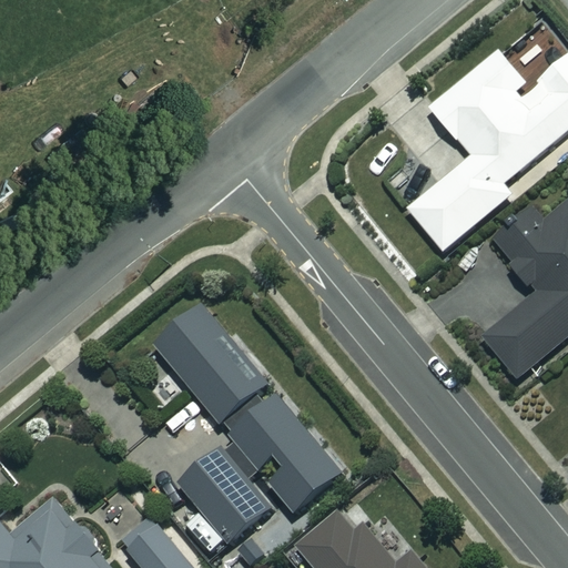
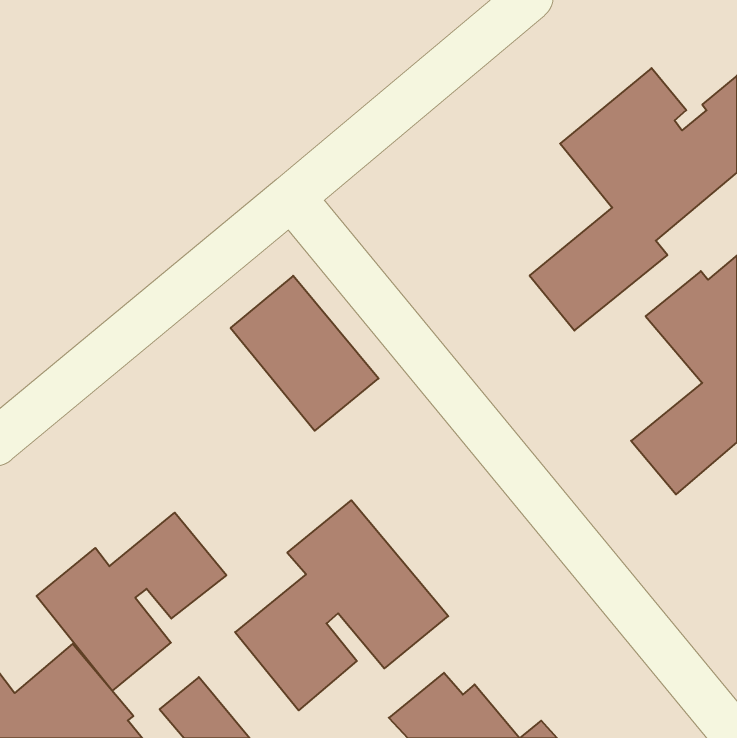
building: [155,304,268,423] -> [231,276,379,431]
building: none -> [37,513,226,691]

